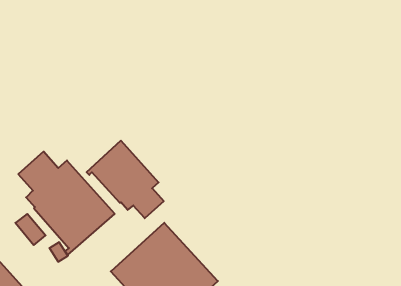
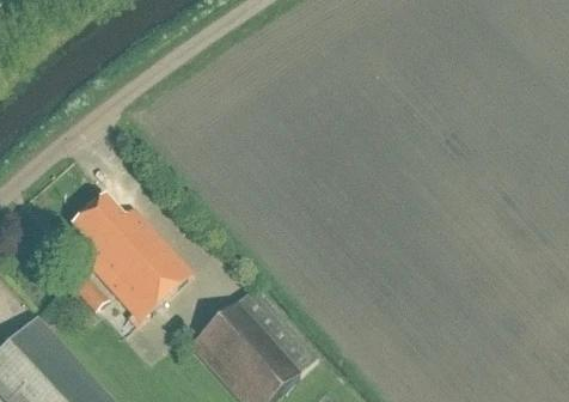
building: [87,141,164,218] -> none

